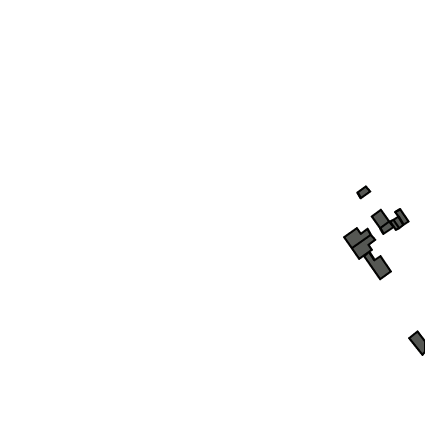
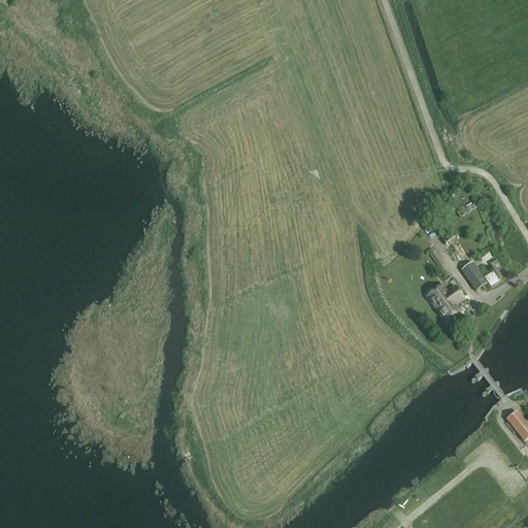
building: [364,252,391,279] -> none

